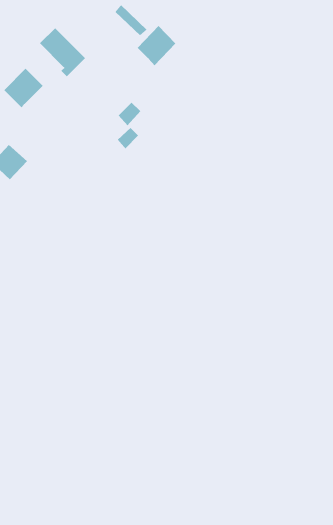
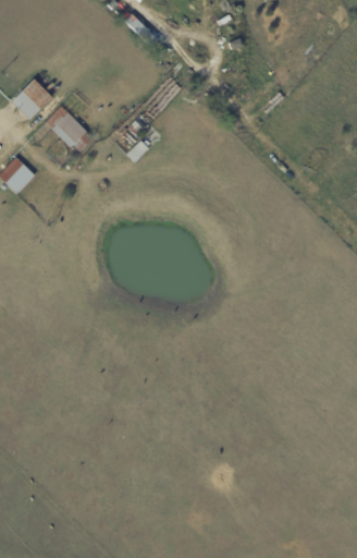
building: [137,25,176,66] -> none
building: [39,27,86,77] -> [46,106,94,157]

